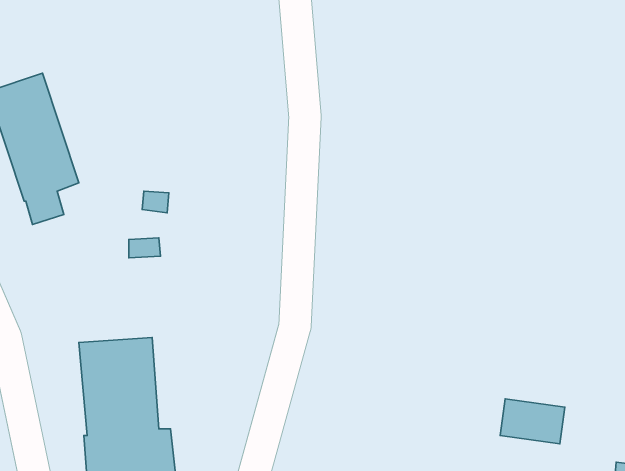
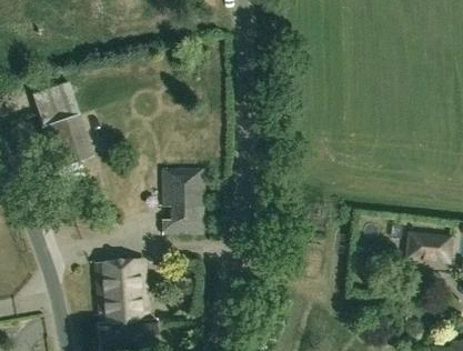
building: none -> [162,168,204,233]
building: [500,399,565,444] -> [407,232,451,262]

